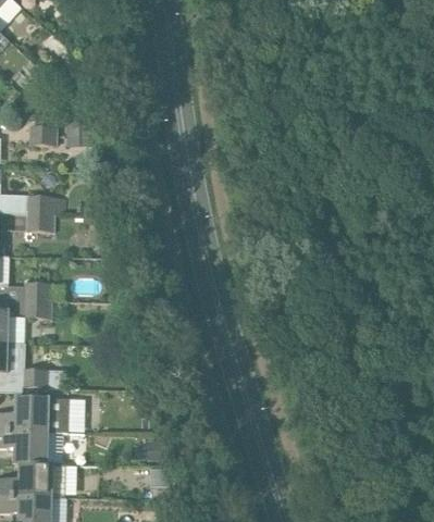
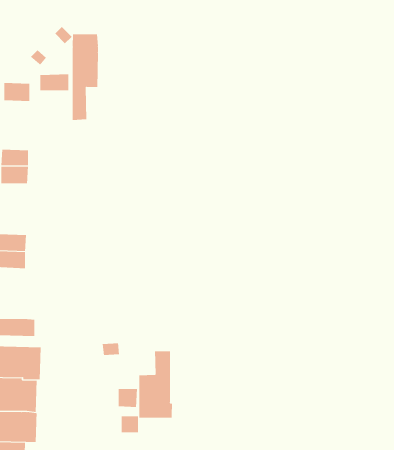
building: none -> [72,33,99,121]
building: none -> [139,350,173,419]

